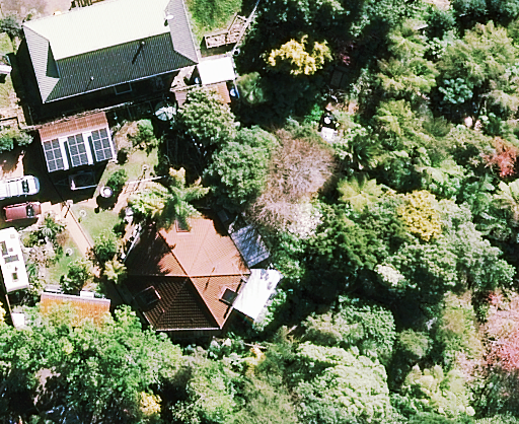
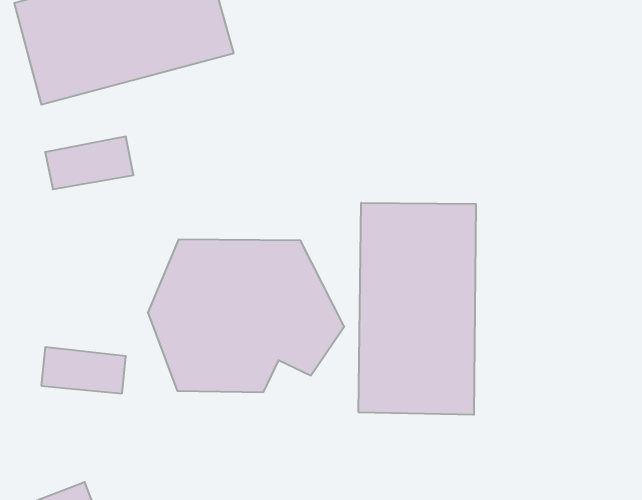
building: none -> [359,203,476,415]

